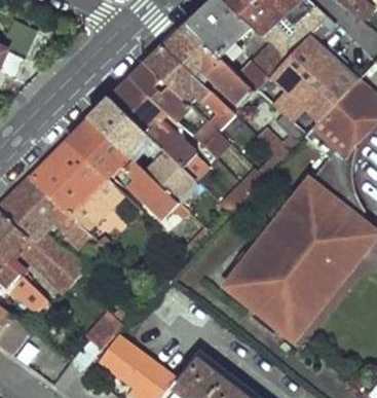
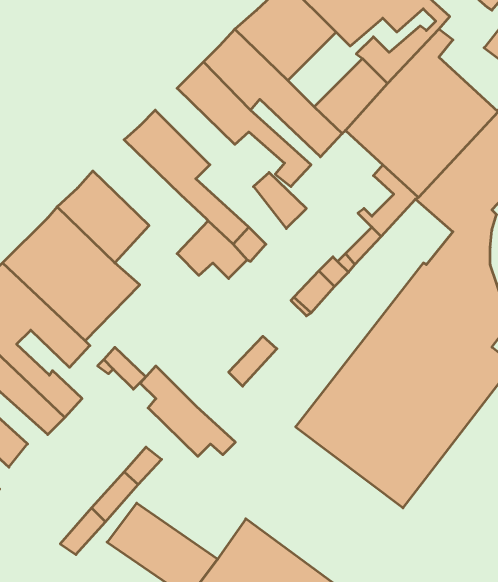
building: [130,63,187,119] -> none
building: [89,97,147,153] -> none
building: [122,159,185,219] -> [140,366,235,456]

